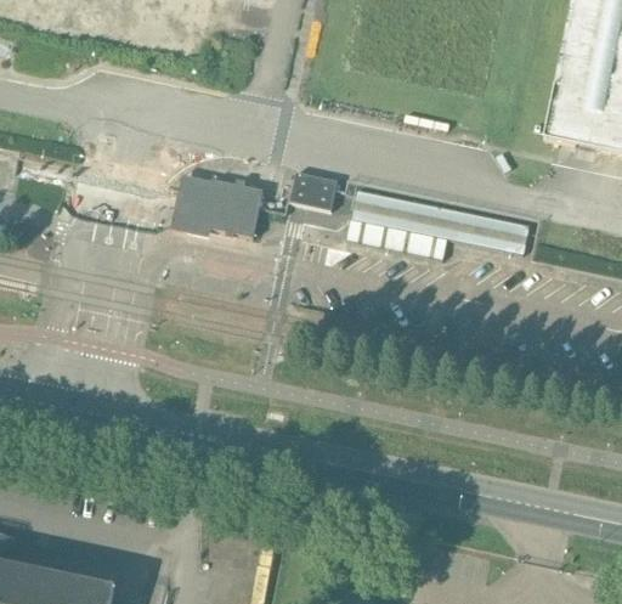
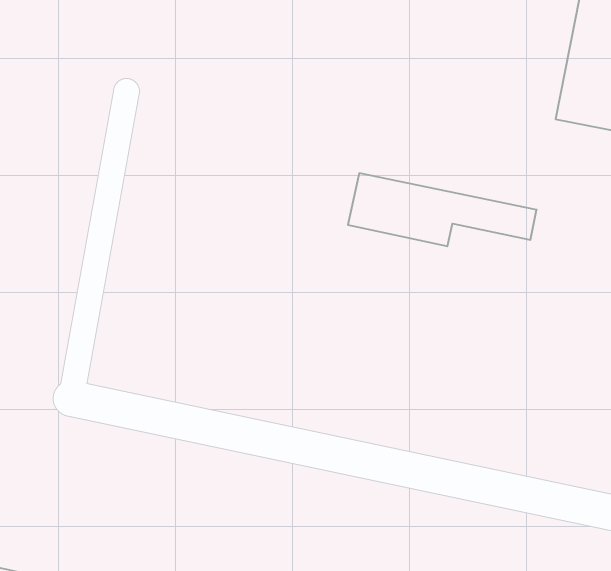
building: [289,170,337,209] -> none
building: [171,174,262,237] -> none

